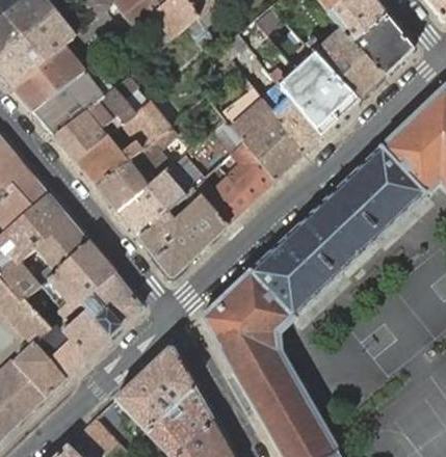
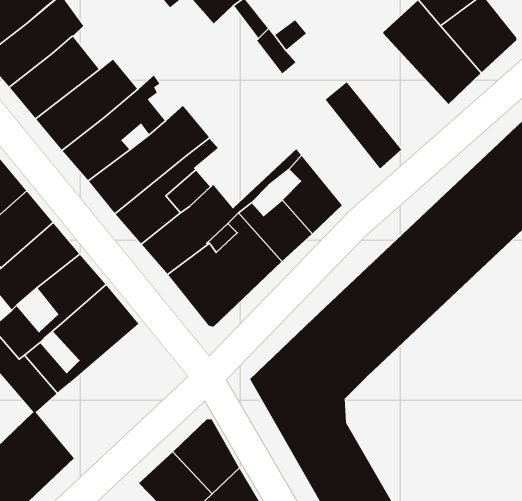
building: [272,45,359,136] -> none
building: [220,86,305,180] -> none
building: [34,273,141,379] -> none

